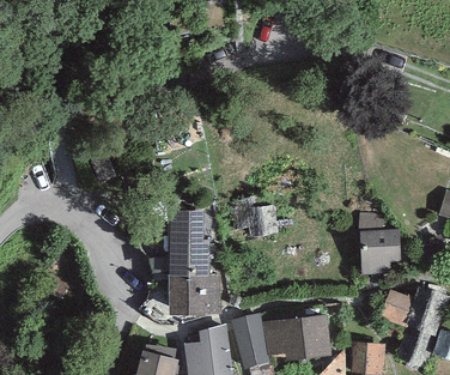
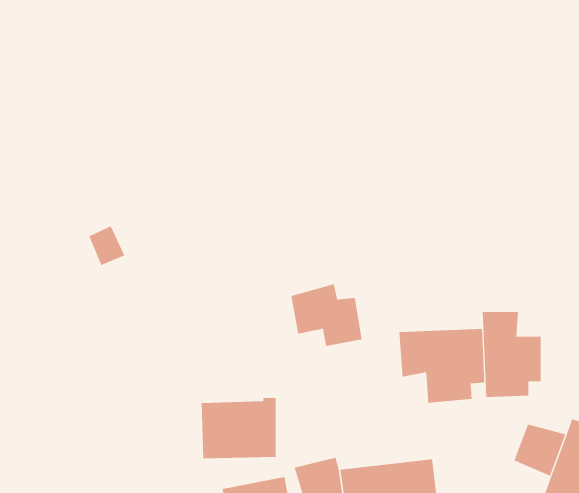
building: [168,211,209,277] -> none
building: none -> [399,328,485,404]

